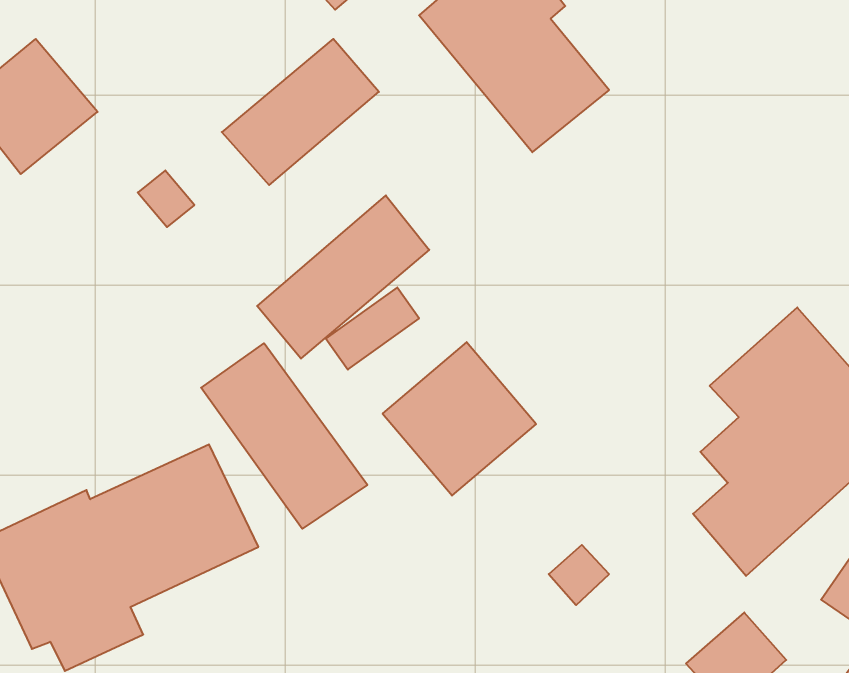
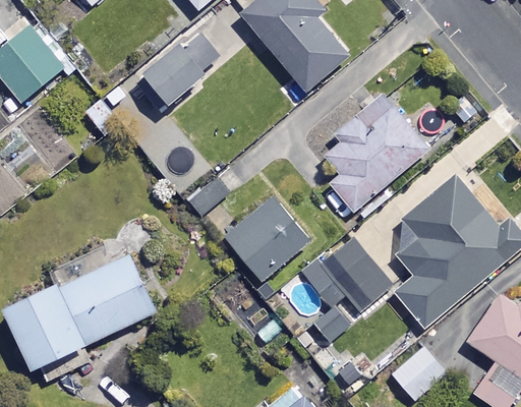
building: none -> [319,96,428,213]
building: [257,195,429,359] -> none
building: [201,343,367,529] -> none
building: none -> [305,237,393,312]

